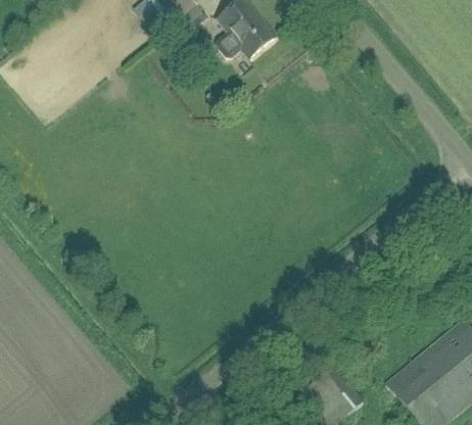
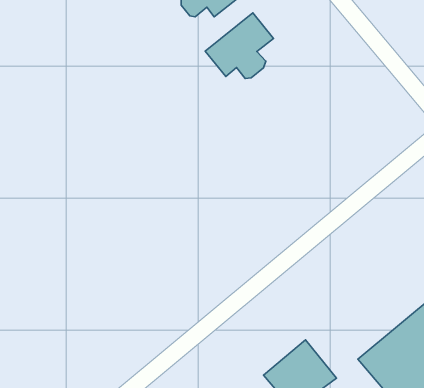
building: none -> [205,13,273,78]

